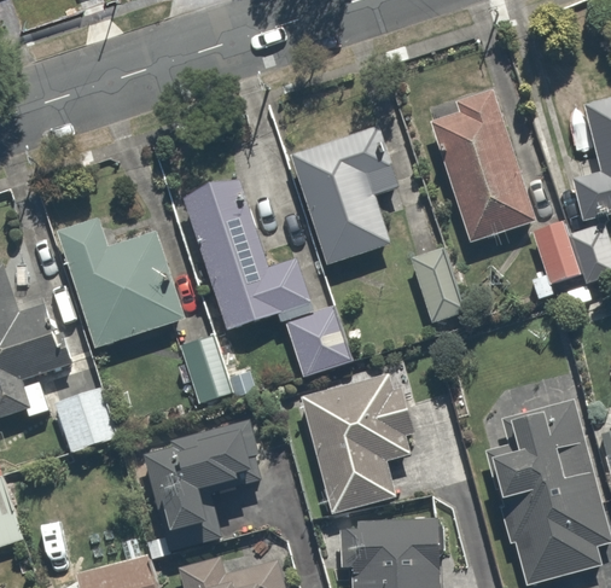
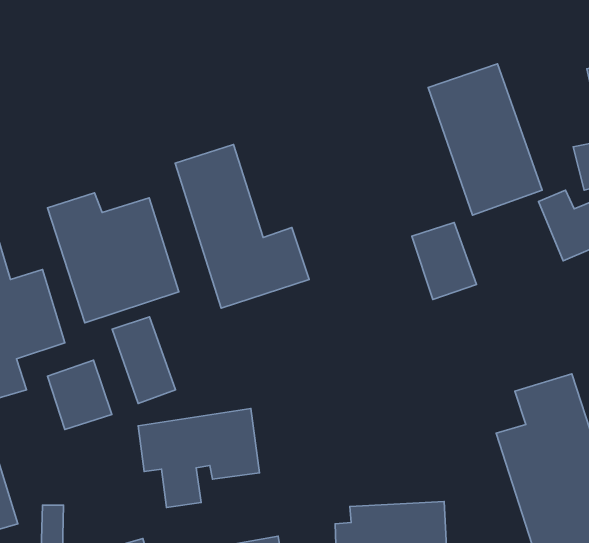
building: [291,130,394,267] -> none
building: [281,305,348,374] -> none
building: [179,327,240,412] -> [112,317,175,404]
building: [301,373,417,508] -> none

